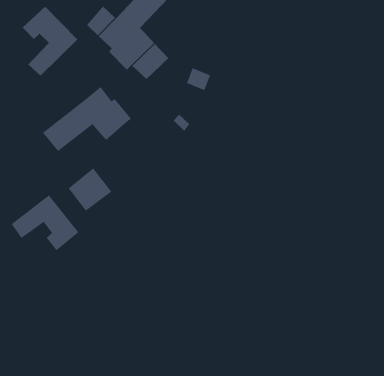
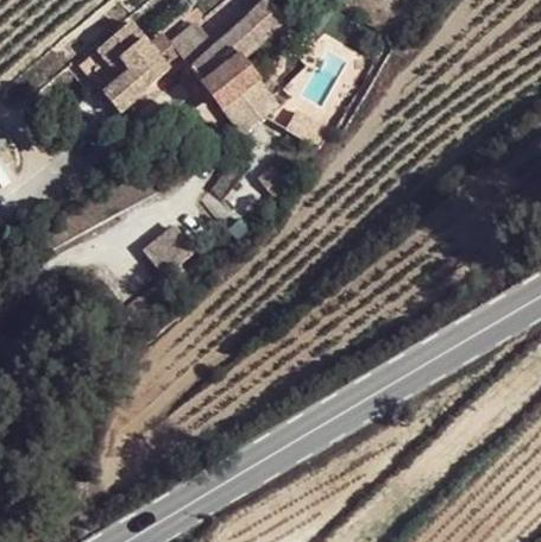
building: [42,86,131,152] -> none
building: [11,194,79,251] -> none

